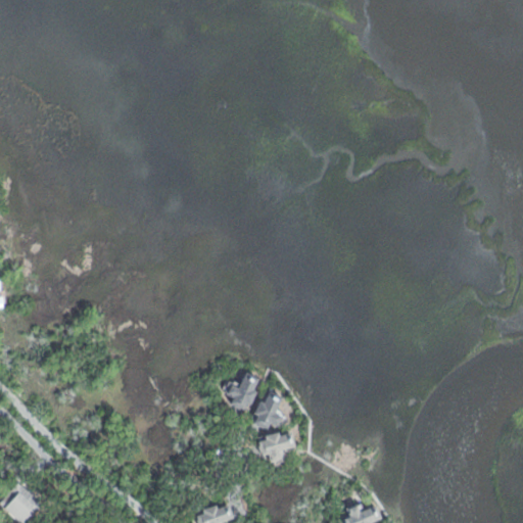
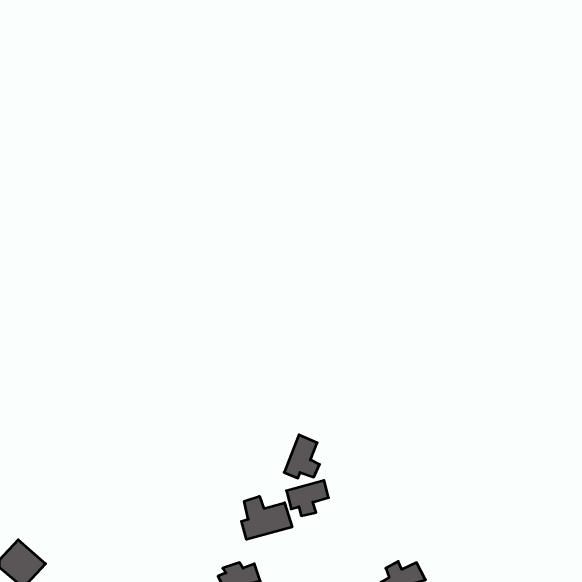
building: [225,373,260,413] -> none
building: none -> [241,496,292,539]

